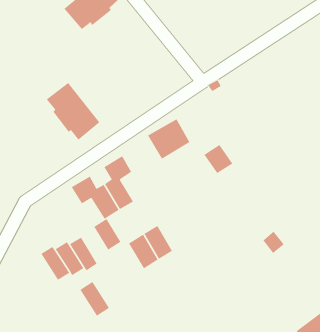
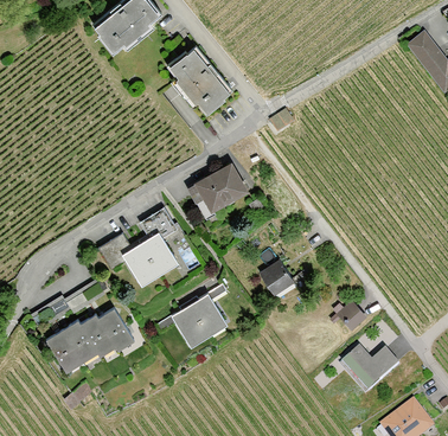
building: [46,82,100,140] -> [166,44,233,116]
building: [204,144,233,174] -> [258,259,295,296]
building: [94,218,121,250] -> none
building: none -> [341,348,398,393]
building: [79,281,110,316] -> [45,329,83,373]

